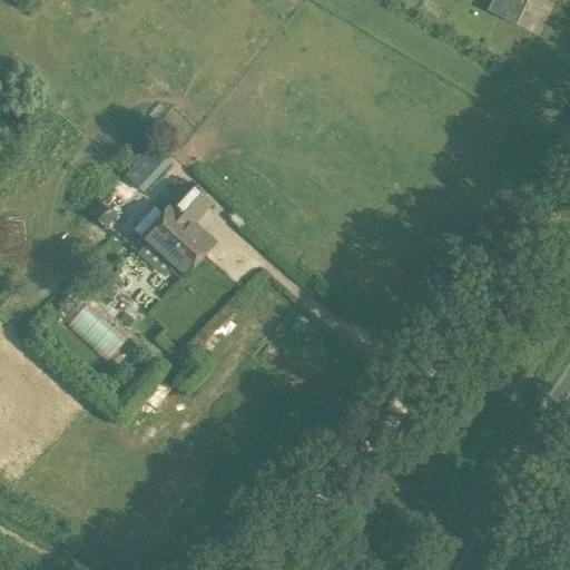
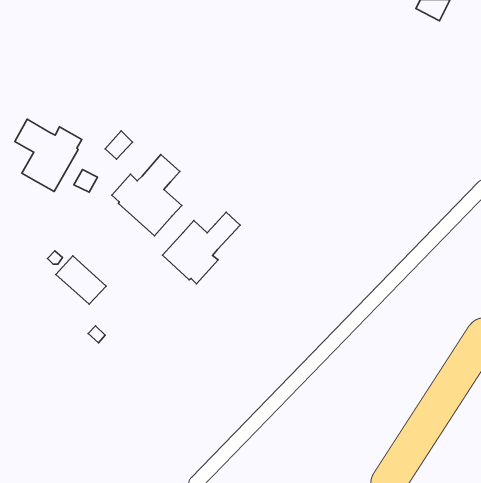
building: none -> [15,119,82,192]
building: none -> [162,212,240,284]

